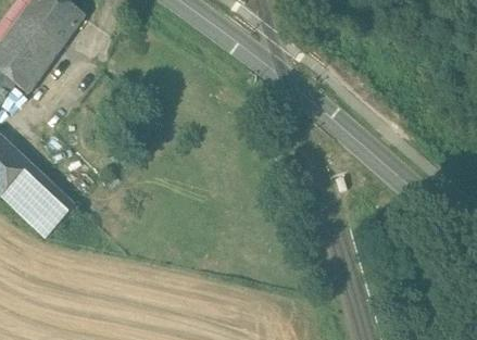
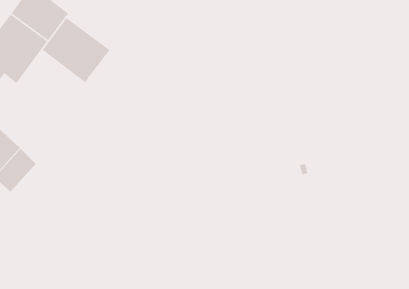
building: none -> [42,17,111,83]
building: [22,181,75,236] -> none

